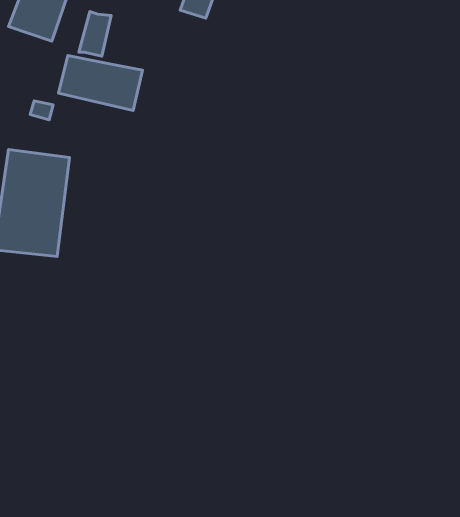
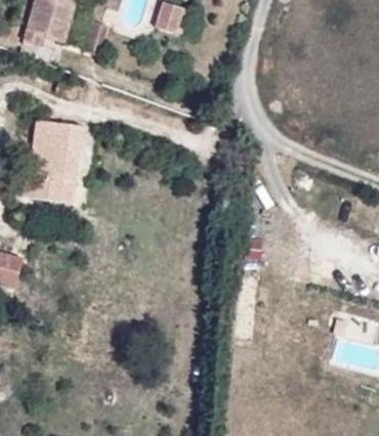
building: [59,55,143,111] -> none

